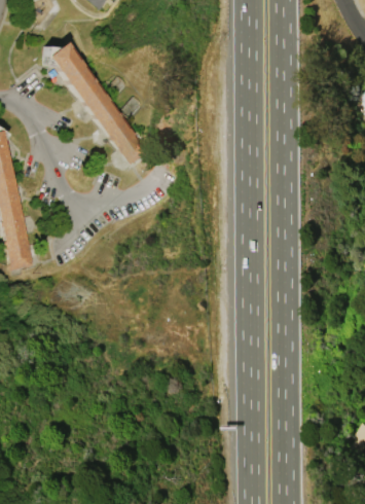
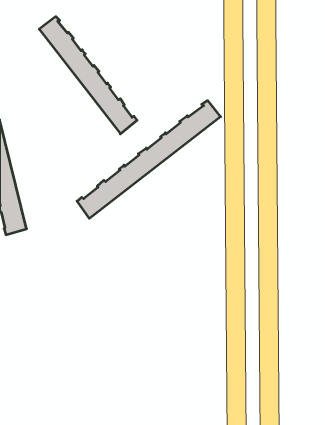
building: none -> [77,101,221,218]

